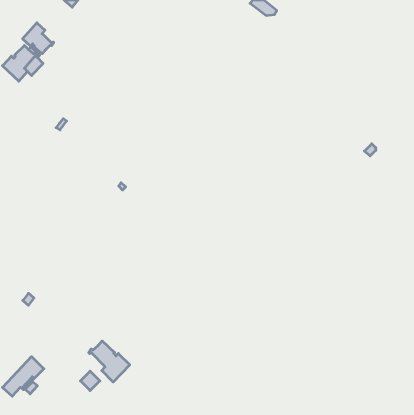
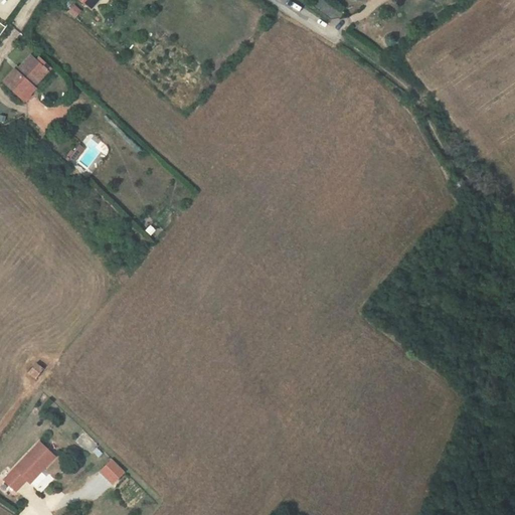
building: [23,23,54,54] -> none
building: [89,341,130,382] -> none

